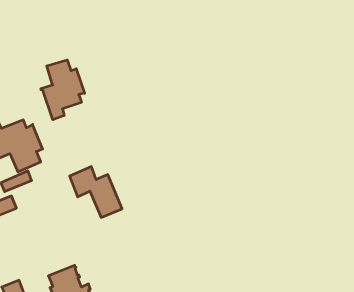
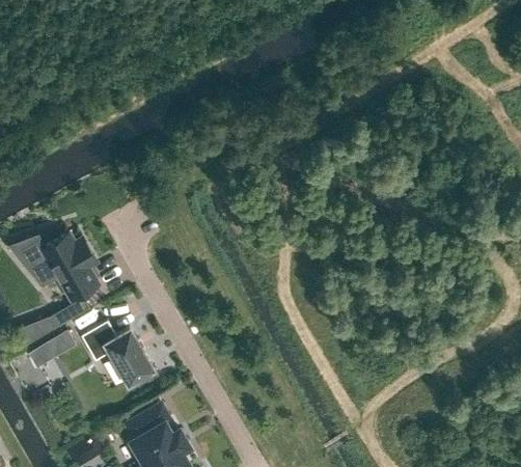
building: [41,60,85,120] -> none
building: [70,167,122,217] -> [81,323,153,385]

